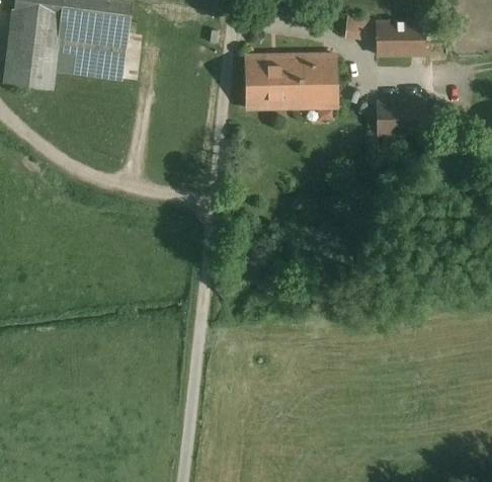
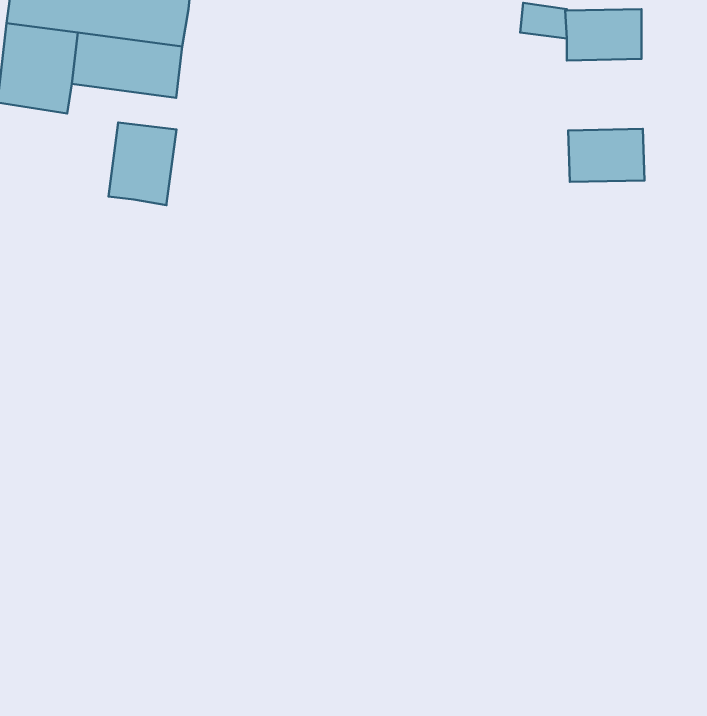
building: [245,55,336,107] -> none
building: none -> [108,123,177,205]

